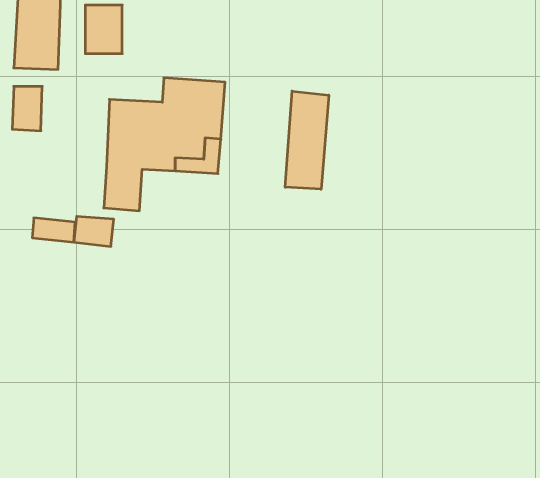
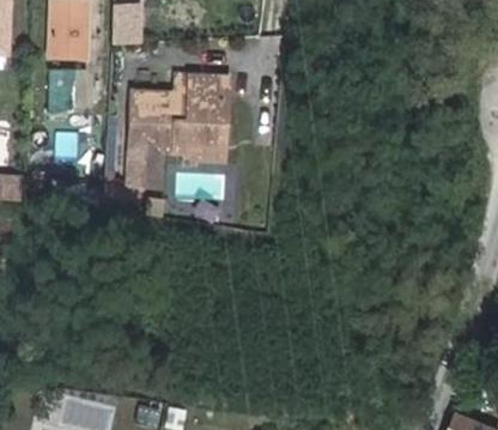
building: [285,91,329,189] -> none

